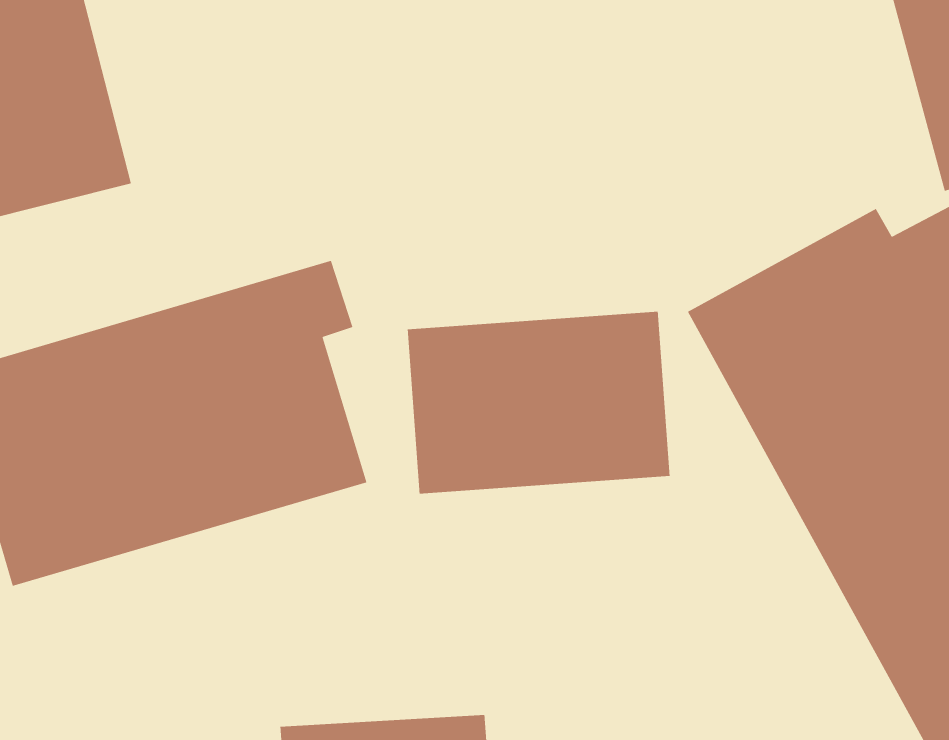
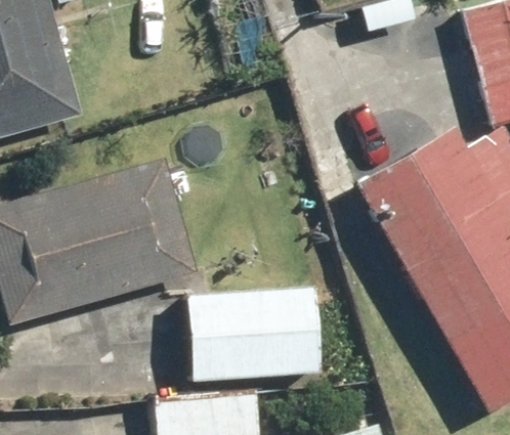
building: [407,311,670,494] -> [185,286,321,380]

